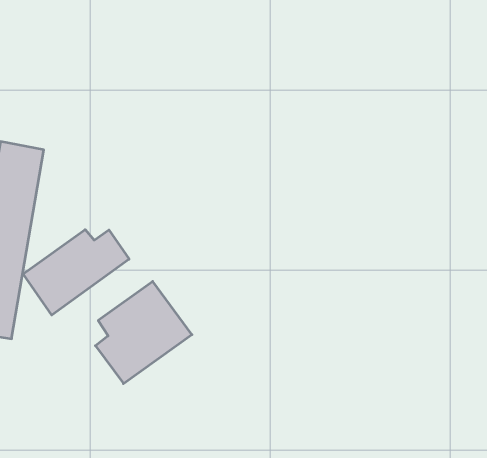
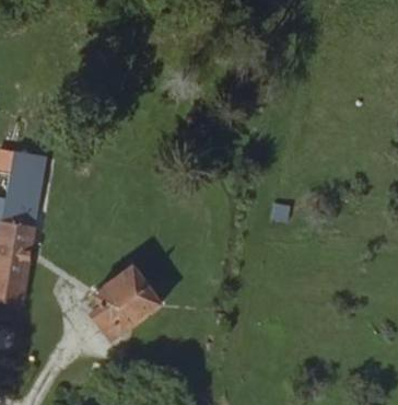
building: [23,230,129,315] -> none

